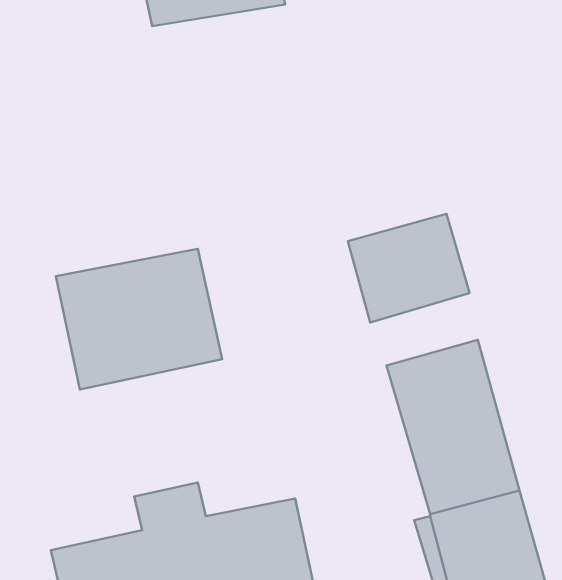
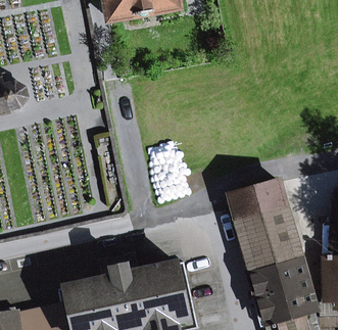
building: [348,214,470,322] -> none
building: [56,249,222,390] -> none

